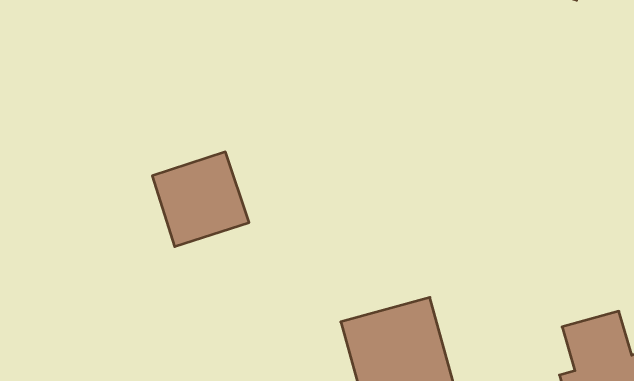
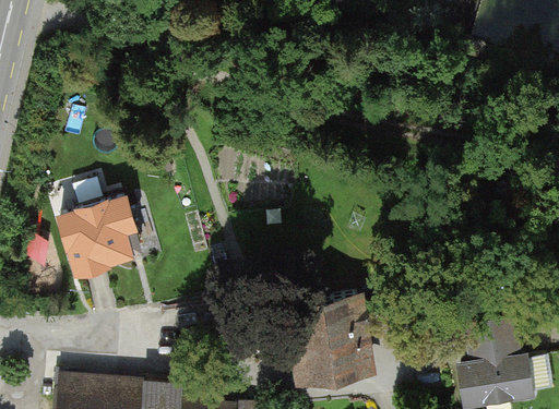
building: [152,152,249,247] -> [56,195,131,268]

